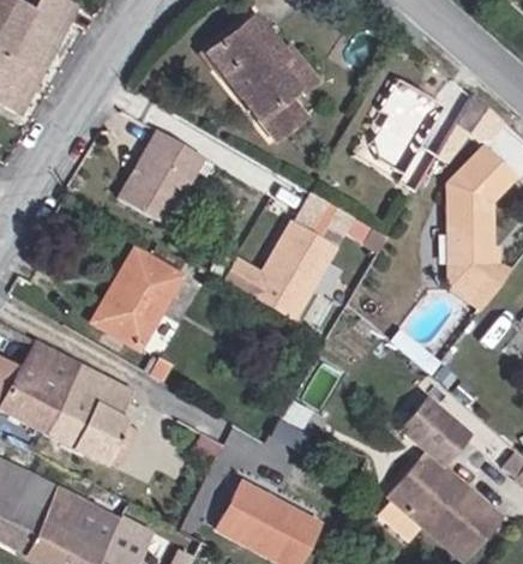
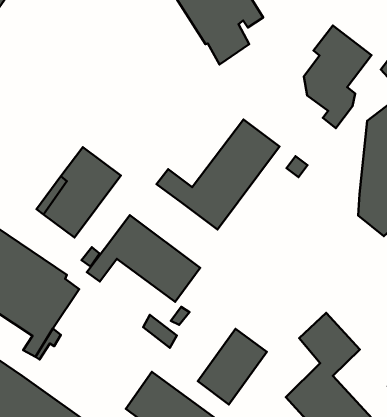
building: [115,131,200,224] -> none
building: none -> [87,215,200,302]
building: none -> [198,329,267,404]

